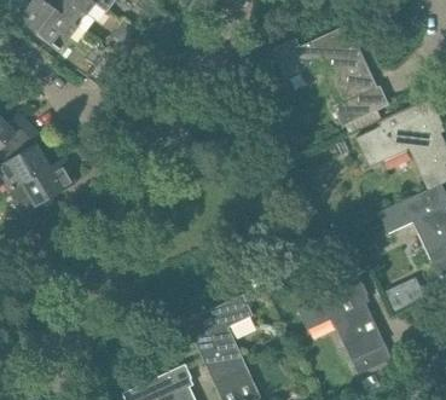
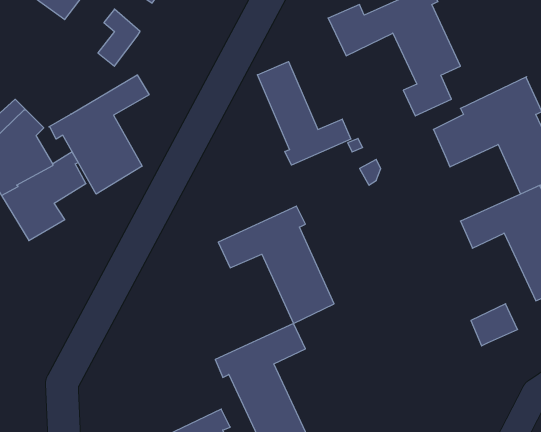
building: none -> [257,62,351,165]
building: none -> [49,75,149,194]
building: [297,279,390,373] -> [218,206,334,323]

